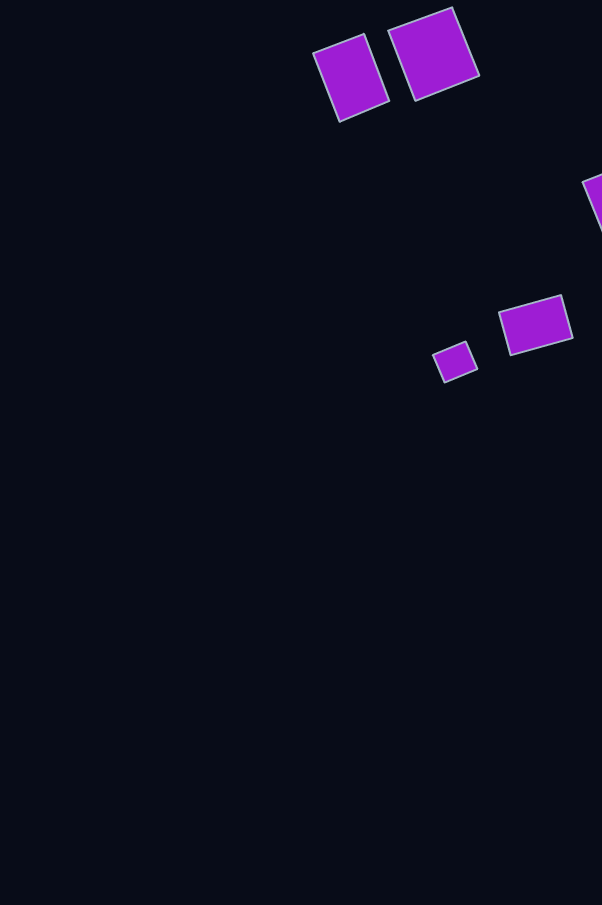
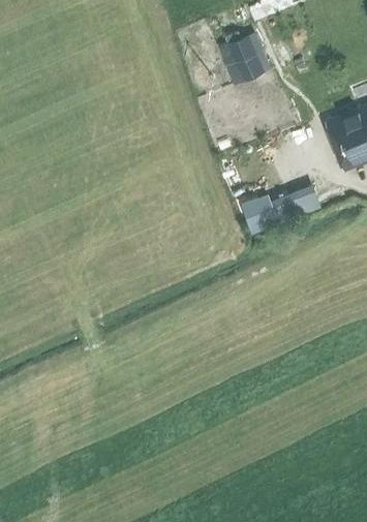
building: [313,34,389,122] -> none

